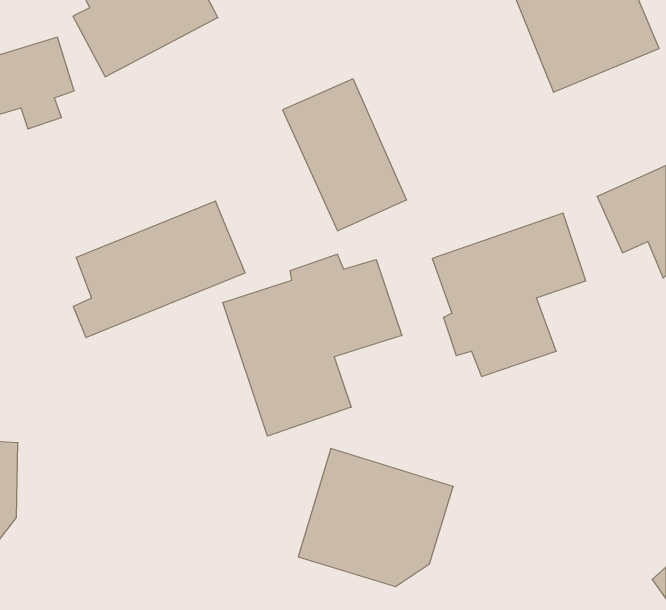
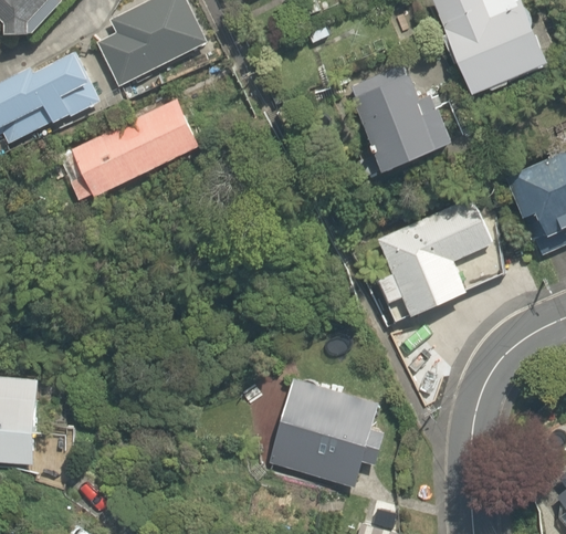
building: [283,79,407,231] -> [346,60,443,179]
building: [73,201,245,338] -> [66,94,201,201]
building: [223,254,402,436] -> none

